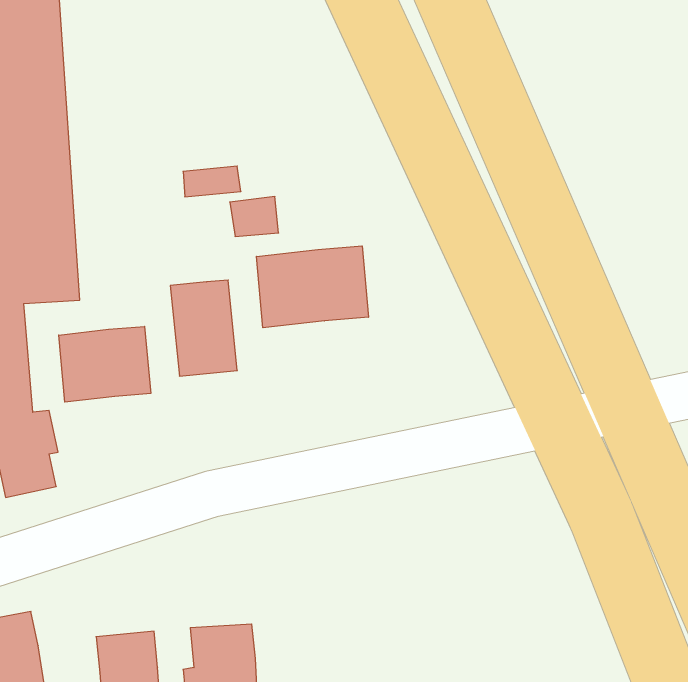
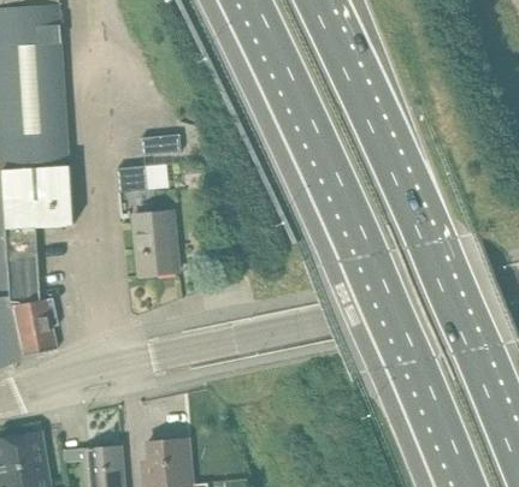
building: [230,197,279,236] -> [116,166,148,192]
building: [256,246,368,328] -> none
building: [59,326,151,402] -> none

